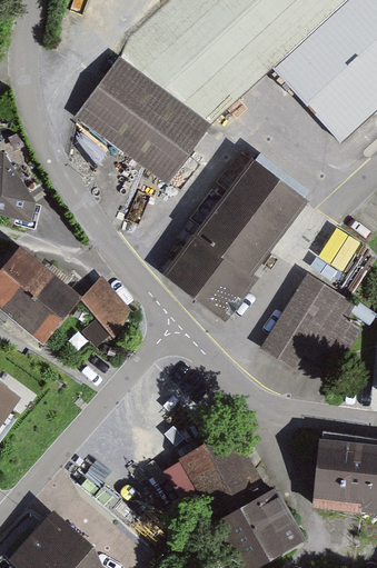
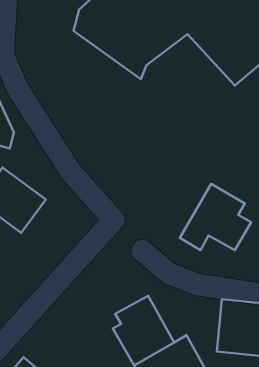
building: [80,68,208,185] -> none
building: [165,161,309,316] -> none
building: [78,272,129,328] -> none

